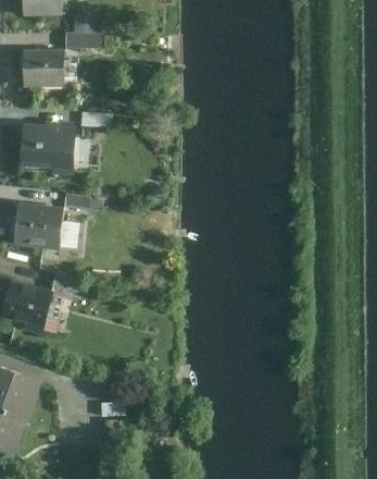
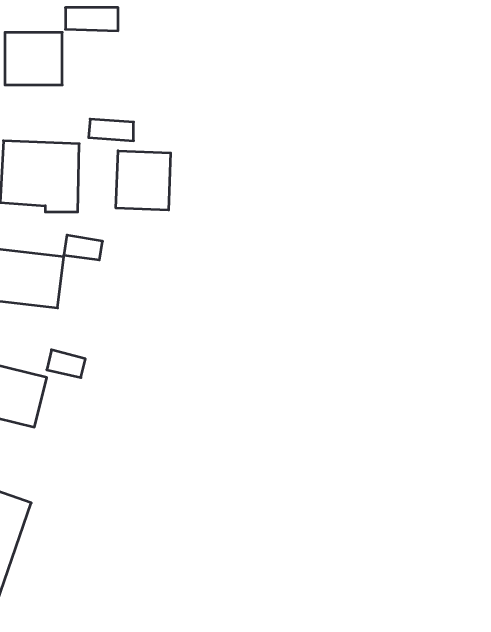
building: none -> [116,151,171,210]

